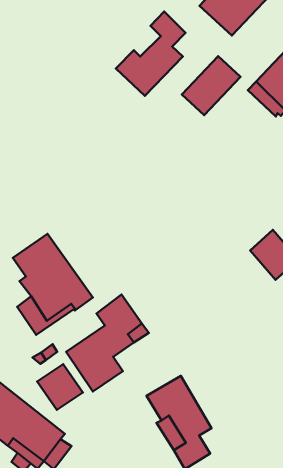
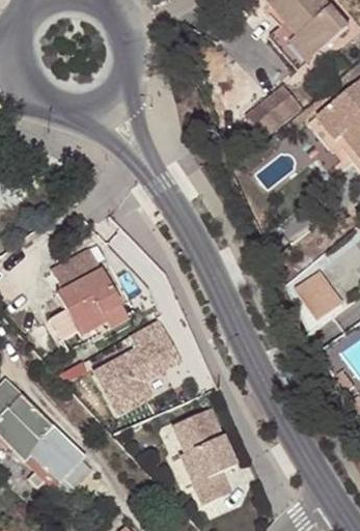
building: [116,12,186,96] -> none
building: [37,364,83,410] -> none

